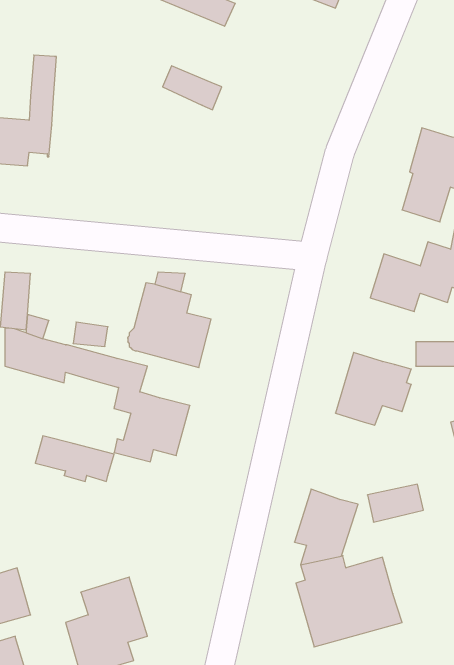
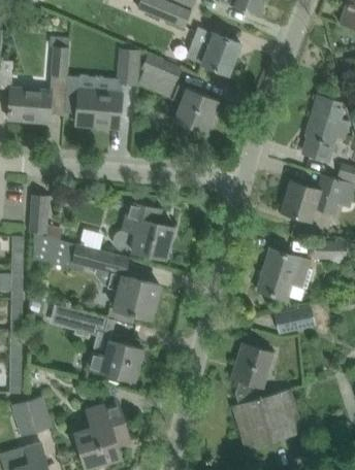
building: none -> [186,28,240,75]
building: none -> [117,51,138,85]
building: none -> [65,76,122,129]
building: none -> [171,86,217,132]
building: none -> [86,335,142,381]
building: [367,484,423,522] -> [276,307,314,333]

